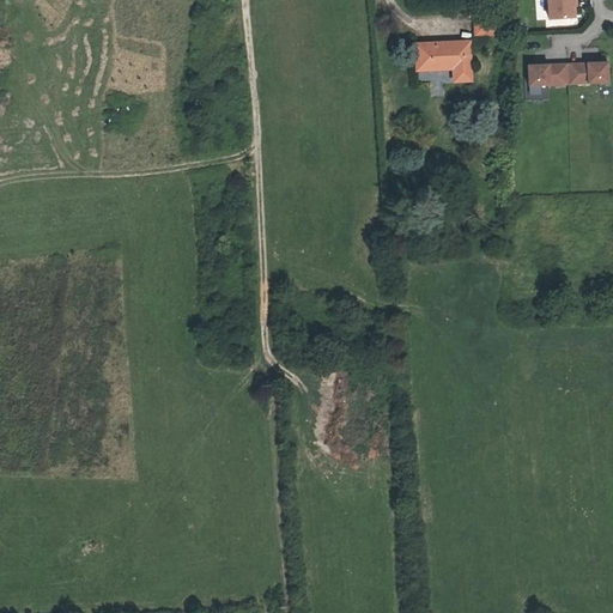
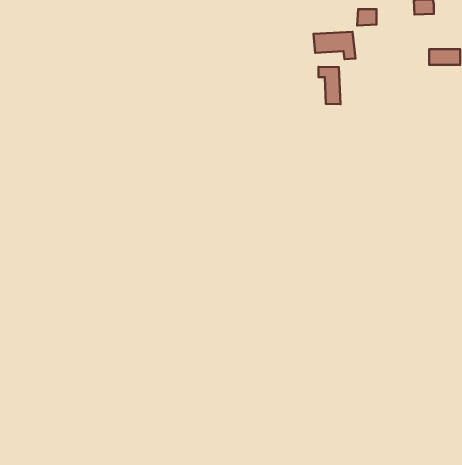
building: [529,65,569,85] -> none
building: none -> [318,67,341,104]

